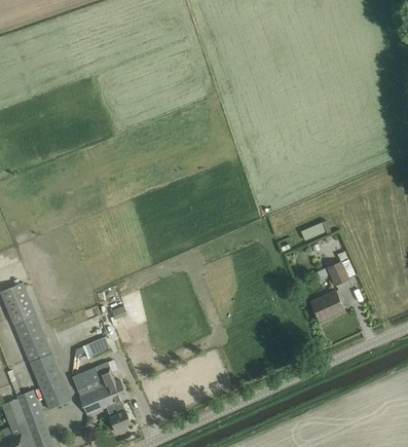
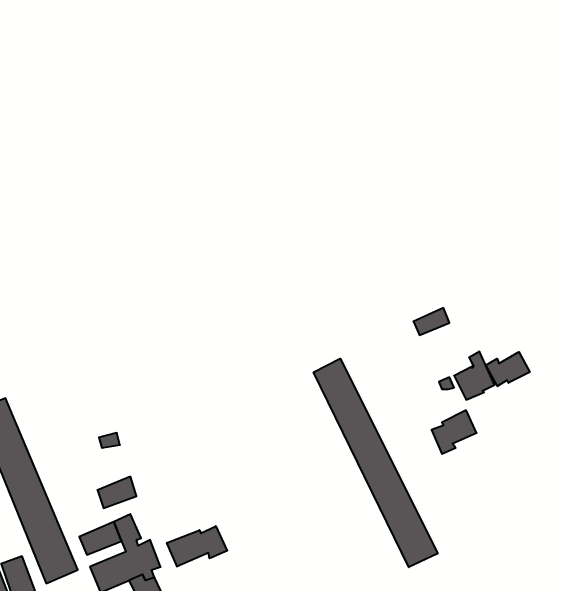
building: none -> [486,352,530,386]
building: none -> [314,359,438,567]
building: none -> [167,526,227,567]

